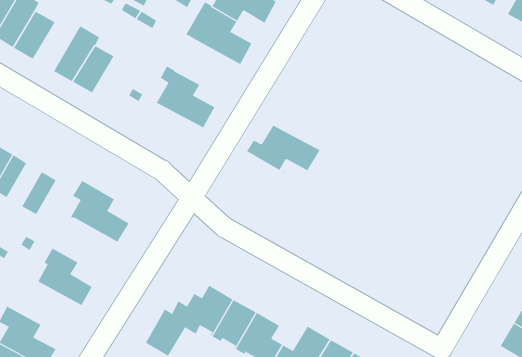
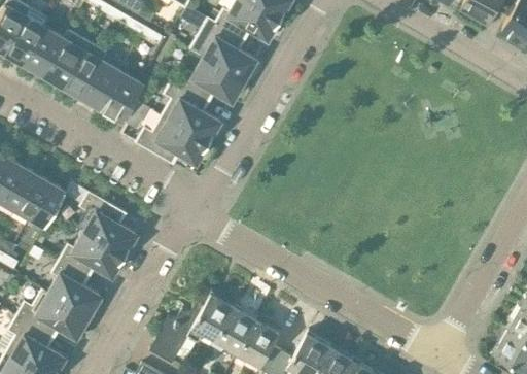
building: none -> [42,32,87,88]
building: none -> [180,59,244,102]
building: none -> [100,73,141,122]
building: [246,125,320,173] -> [136,118,208,166]
building: none -> [16,177,50,219]
building: none -> [61,231,125,277]
building: none -> [16,292,90,339]

